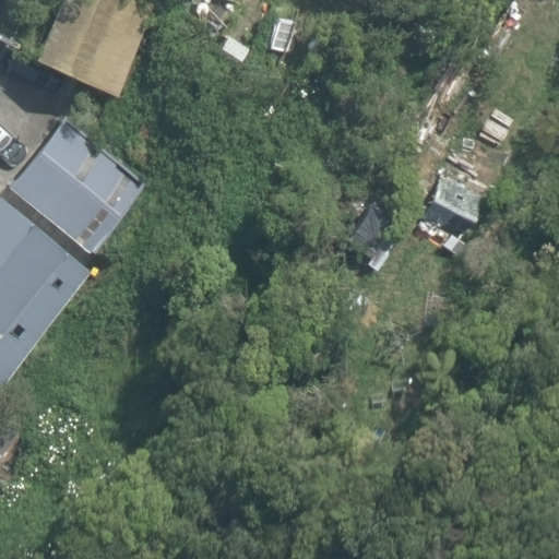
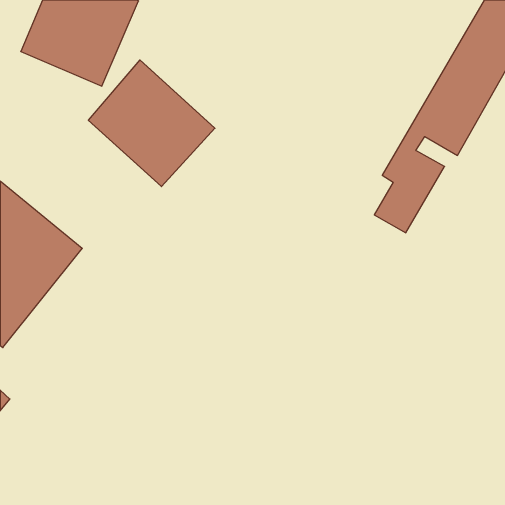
building: [5,112,145,252] -> [88,60,215,187]

